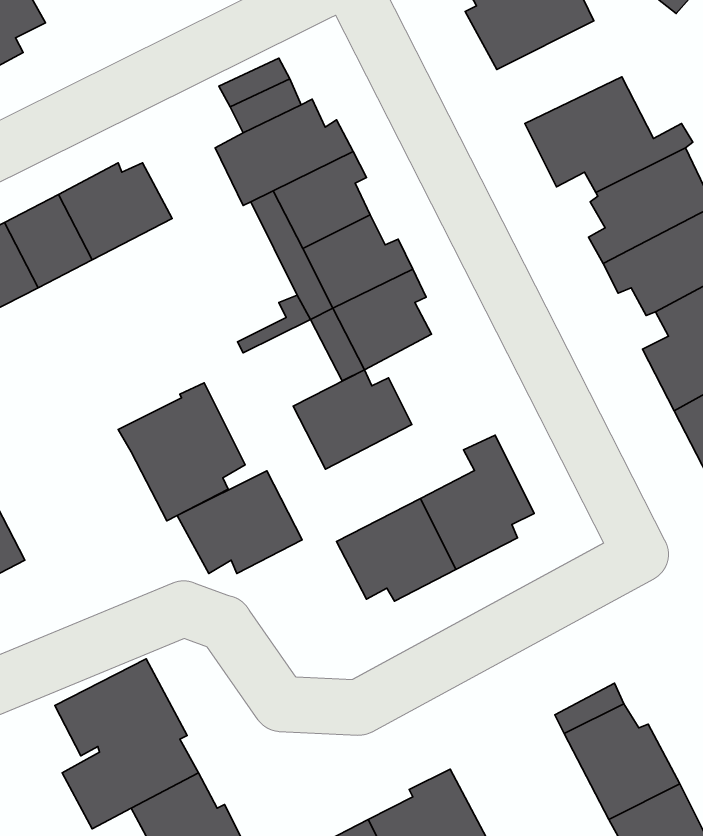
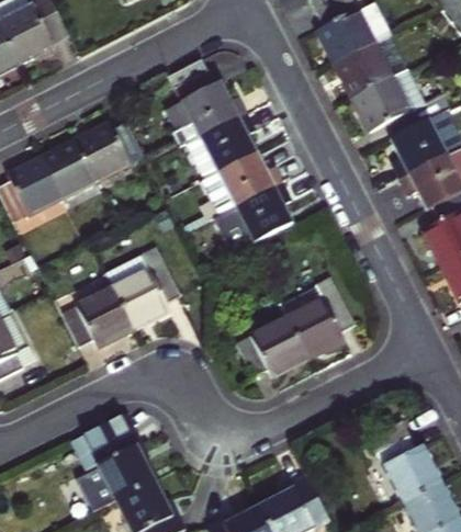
building: none -> [331,35,405,95]
building: [293,370,412,469] -> none
building: [177,471,302,573] -> [64,288,137,349]

